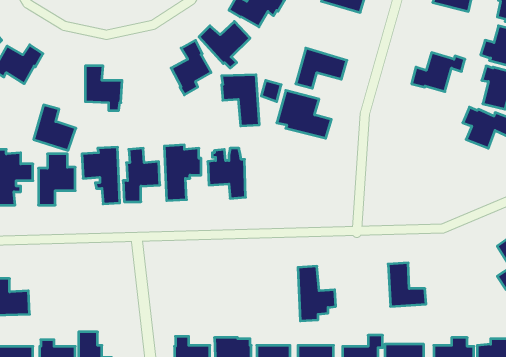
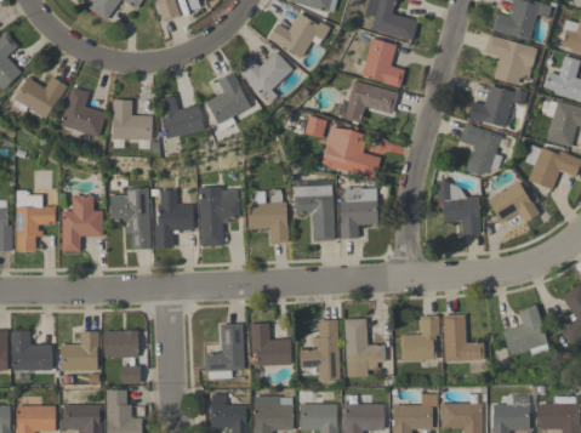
building: none -> [484,34,537,85]
building: none -> [361,38,404,87]
building: none -> [156,96,204,138]
building: [222,75,259,126] -> [294,186,335,241]
building: none -> [458,121,502,176]
building: [34,105,76,150] -> [61,87,107,137]
building: none -> [437,180,480,235]
building: none -> [488,182,540,223]
building: none -> [340,187,377,239]
building: none -> [502,304,549,357]
building: none -> [400,315,439,361]
building: none -> [300,319,340,382]
building: none -> [250,323,291,366]
building: none -> [204,324,244,380]
building: none -> [104,330,141,383]
building: none -> [61,331,98,370]

